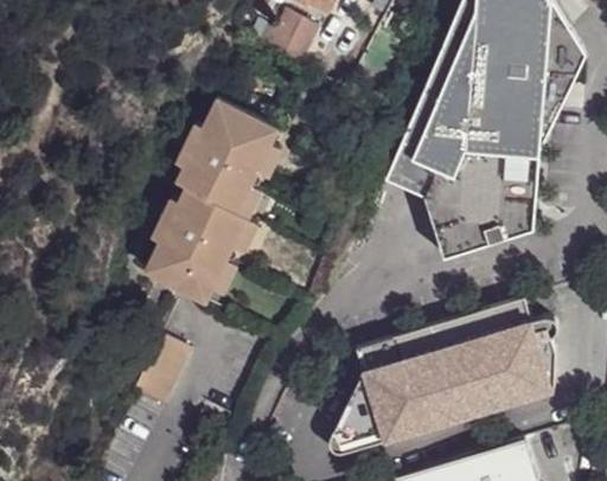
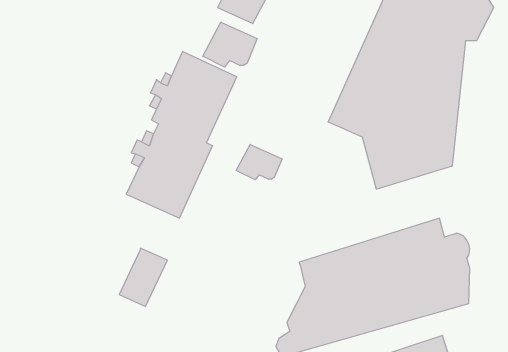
building: none -> [203,22,257,67]
building: none -> [236,144,282,180]

